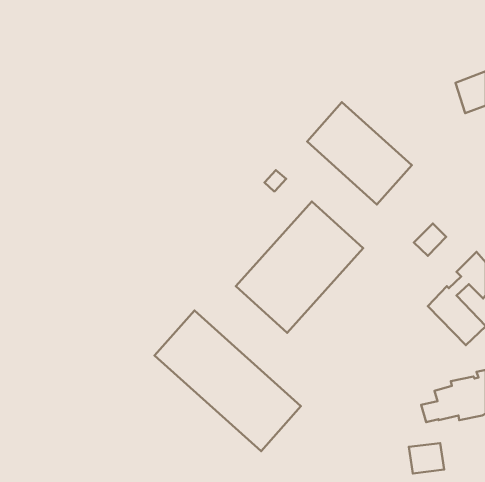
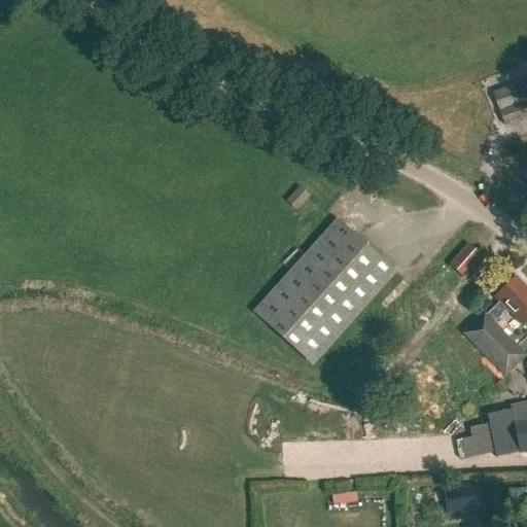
building: [307,102,412,204] -> none
building: [155,310,301,451] -> none

